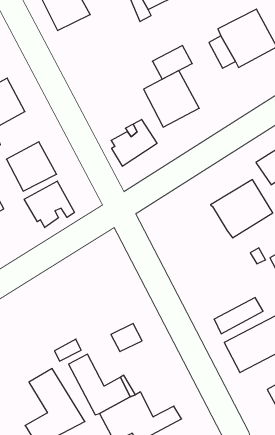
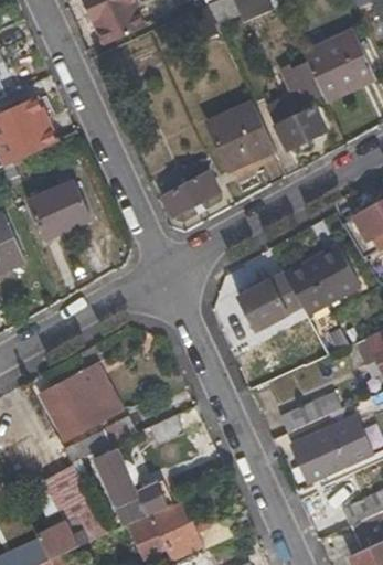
building: [152,46,192,79] -> [277,105,327,146]
building: [24,181,74,228] -> none
building: none -> [236,273,301,329]
building: none -> [41,376,110,437]

